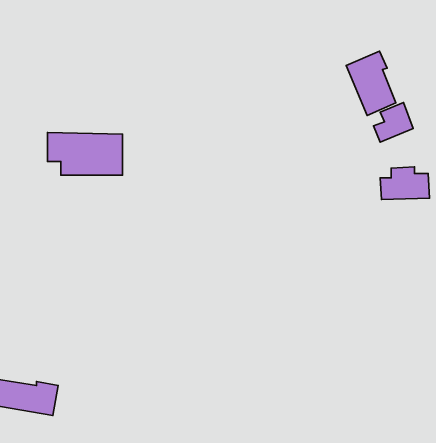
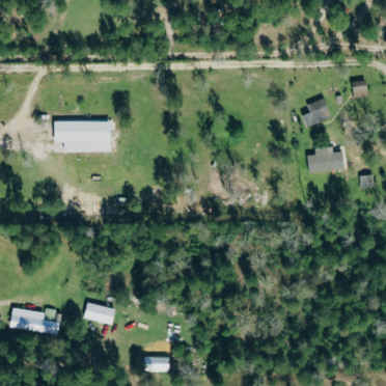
building: [346,51,396,116] -> none
building: none -> [82,303,114,325]

